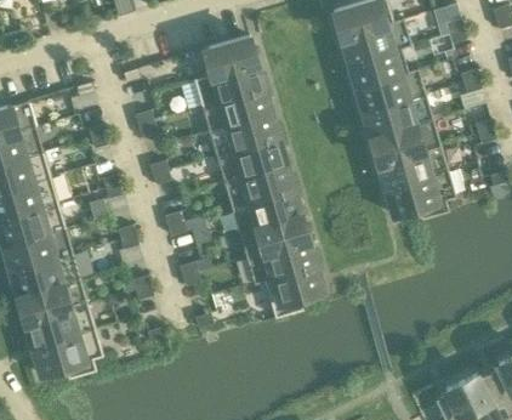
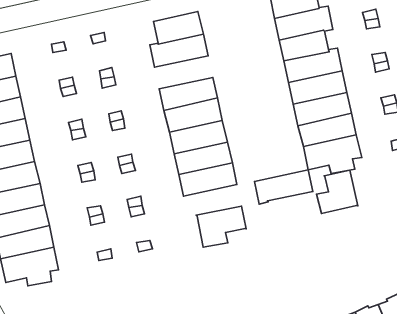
building: [200,87,271,131] -> none
building: none -> [317,170,358,213]
building: [245,239,315,284] -> [254,170,313,204]

